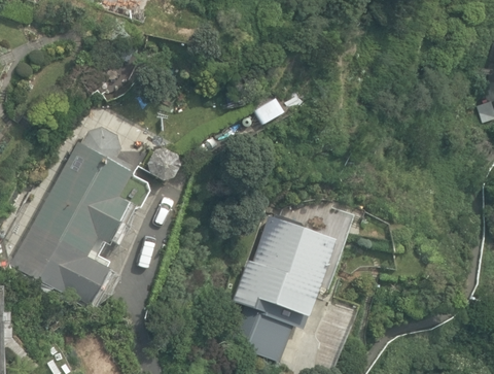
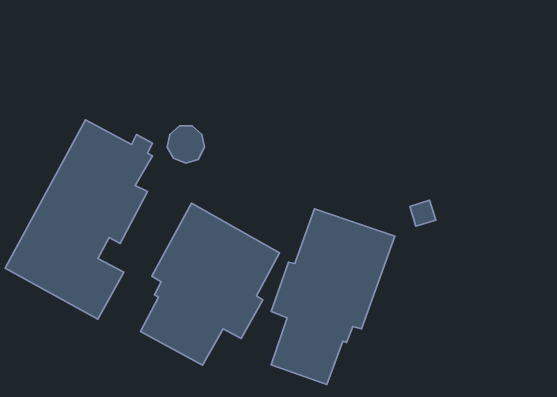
building: none -> [141,203,280,365]

